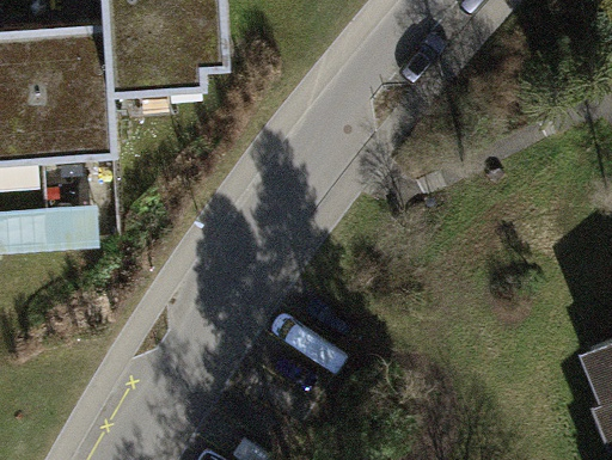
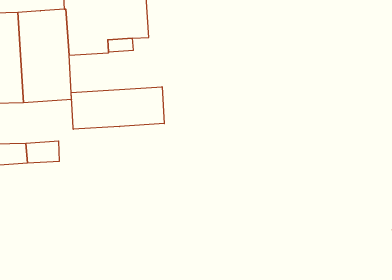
building: none -> [71,87,164,129]

